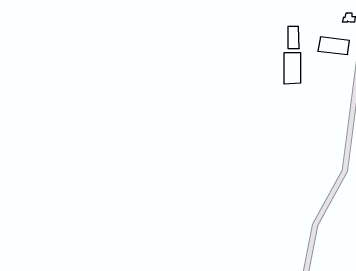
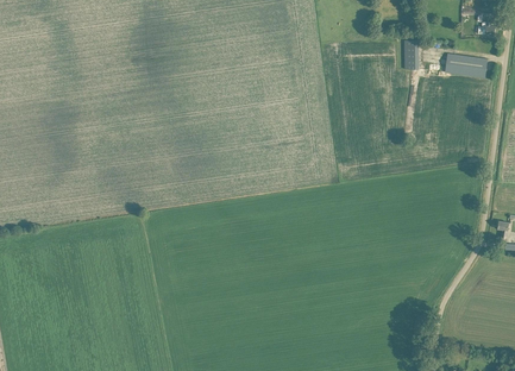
building: [284,53,301,84] -> none

